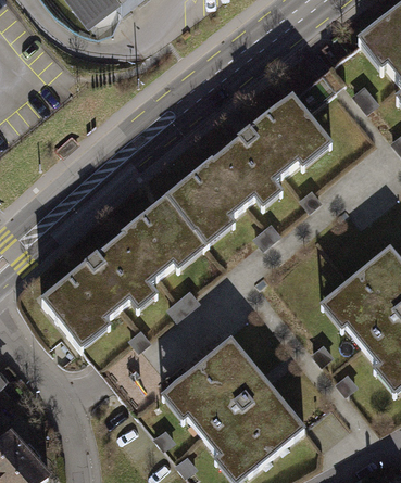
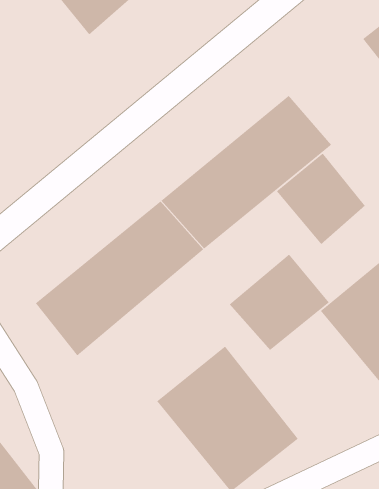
building: none -> [276,153,366,245]
building: none -> [229,253,330,351]

